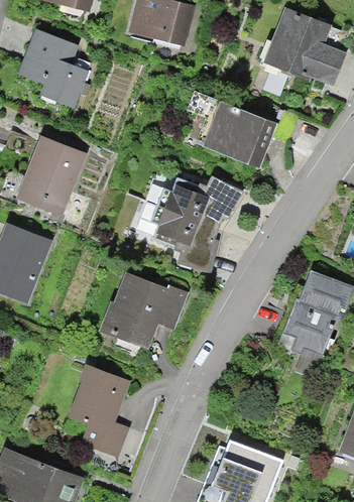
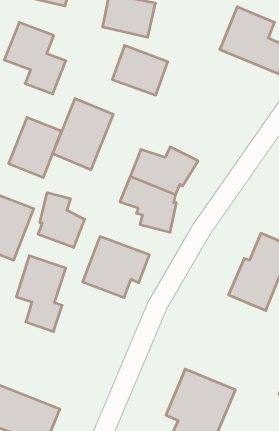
building: [208,103,272,160] -> [112,45,168,95]
building: none -> [53,98,113,170]
building: none -> [38,193,85,248]
building: [73,369,130,457] -> [16,256,66,332]

